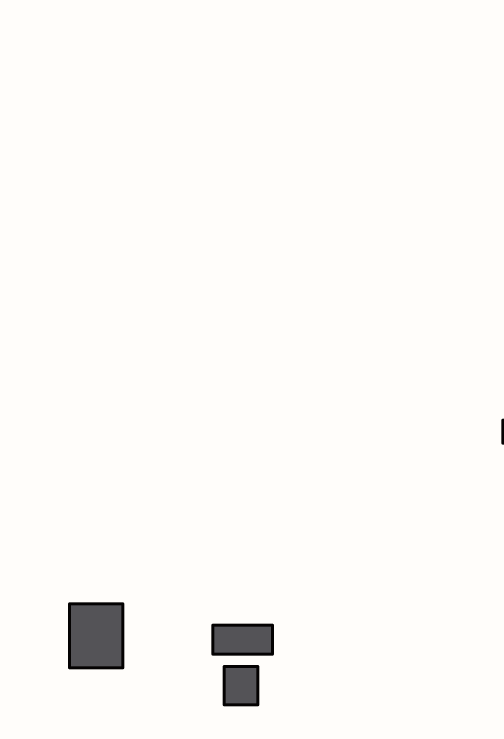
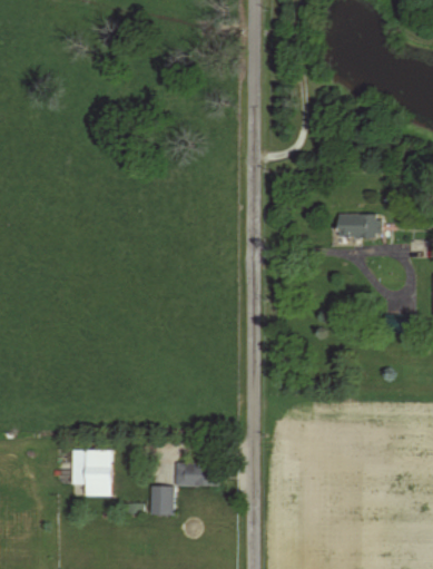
building: none -> [338,213,381,236]
building: [224,667,258,705] -> [150,485,175,513]

